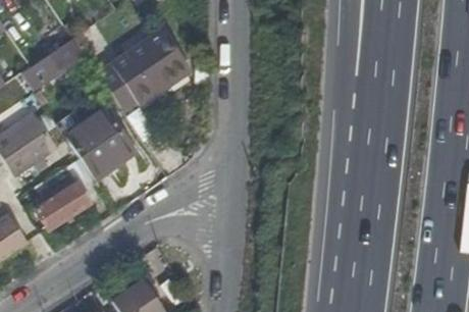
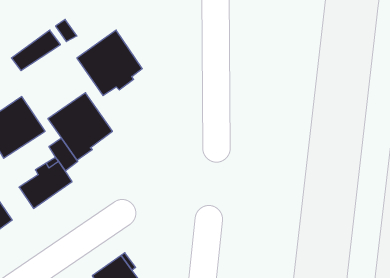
building: [137,27,187,83] -> none

